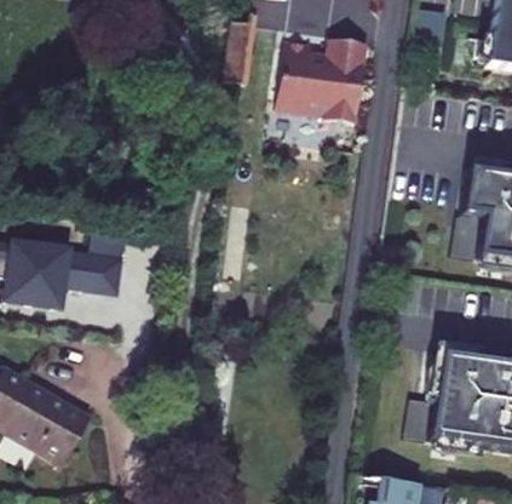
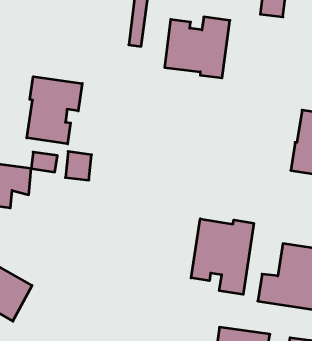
building: none -> [27,77,82,144]
building: [87,251,123,291] -> [65,151,92,180]
building: none -> [191,219,254,294]

